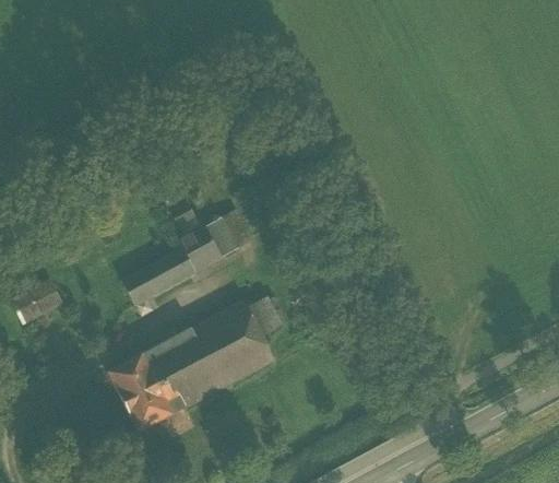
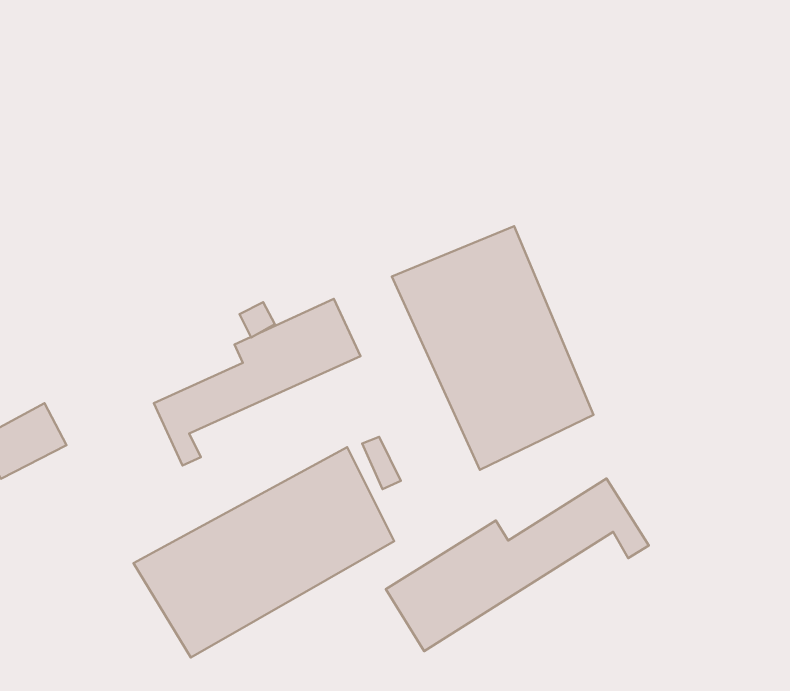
building: none -> [392,226,593,470]
building: none -> [386,479,649,651]

